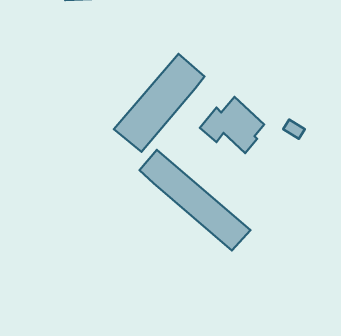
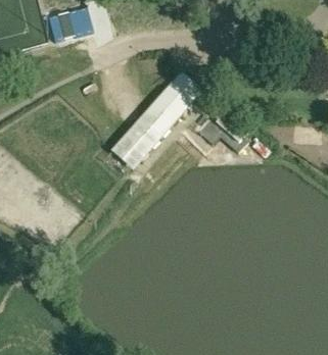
building: [139,150,250,251] -> none

